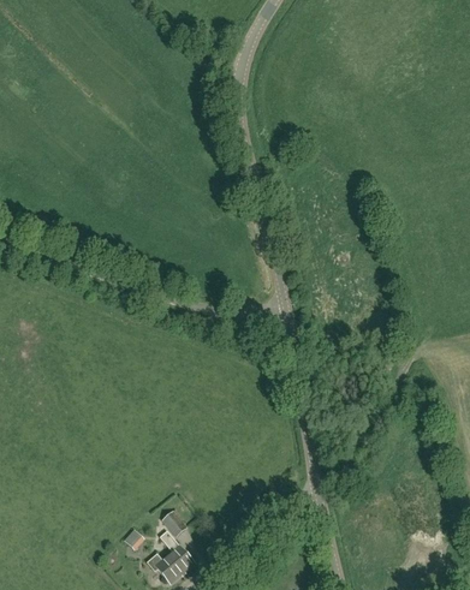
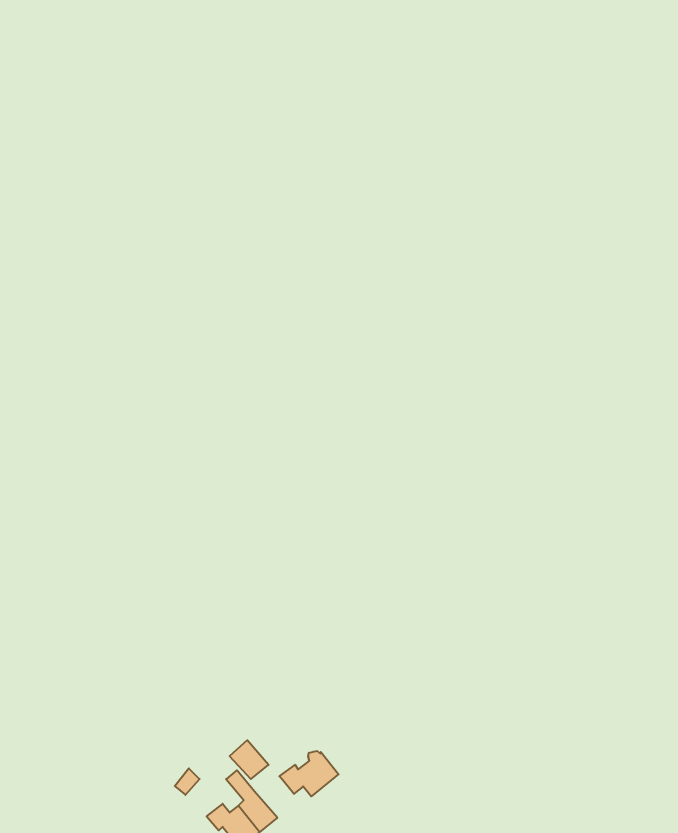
building: none -> [279,751,339,796]

